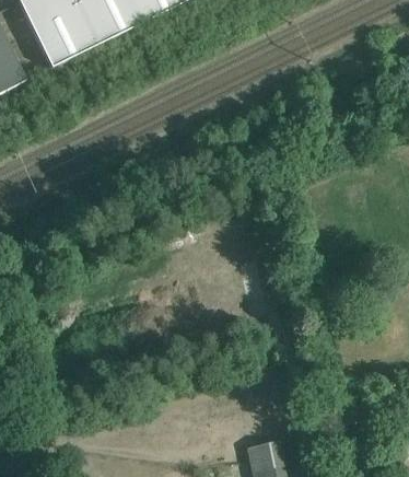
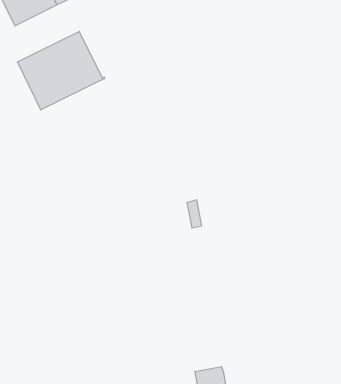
building: none -> [17,31,105,110]

